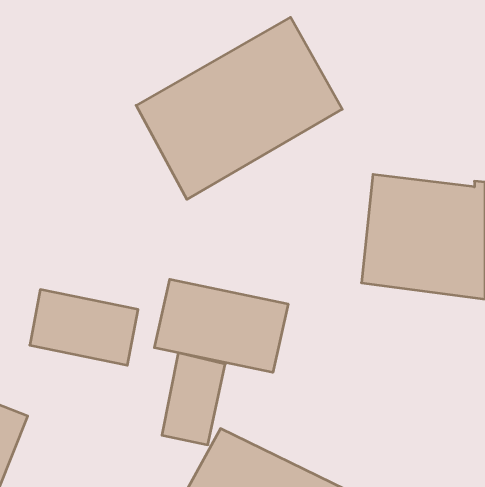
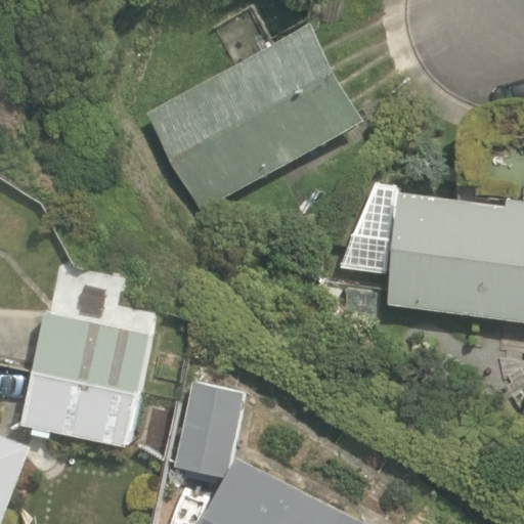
building: [154,279,288,372] -> none
building: none -> [19,372,136,449]

